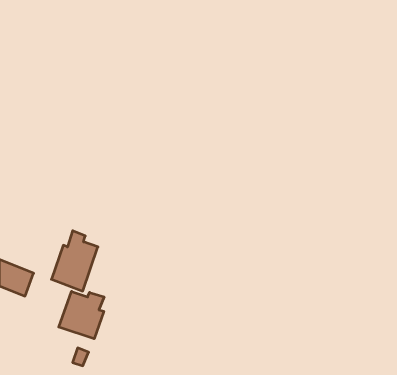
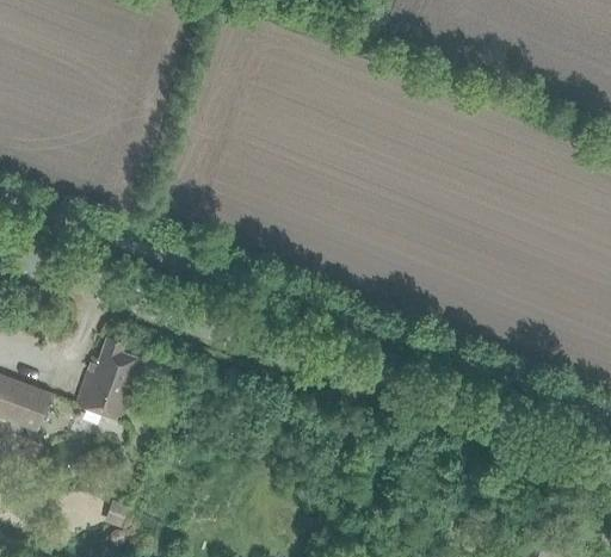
building: [59,291,104,339] -> none

